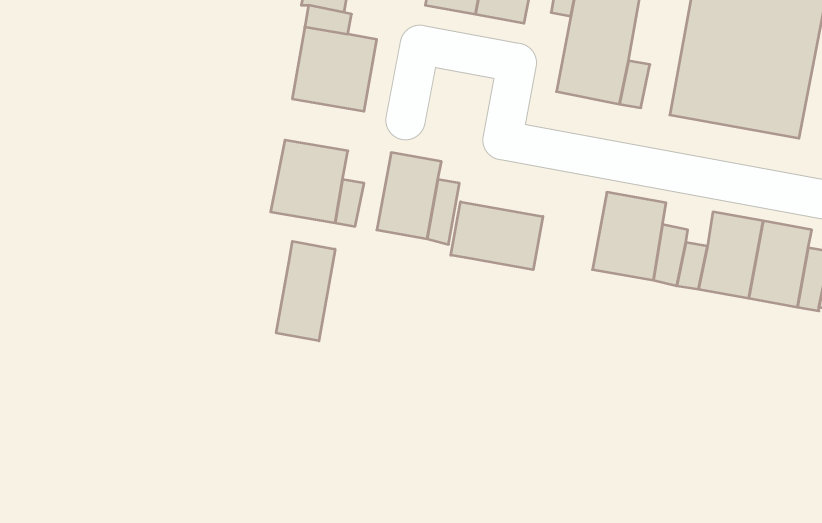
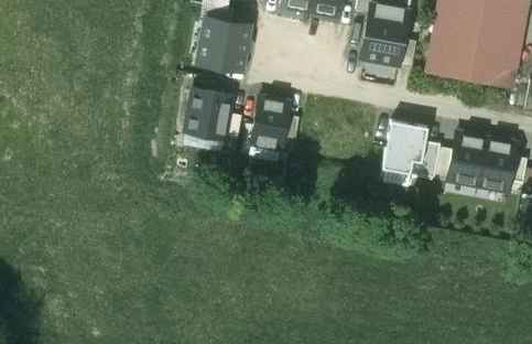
building: [451,202,543,270] -> none
building: [276,241,335,341] -> none

